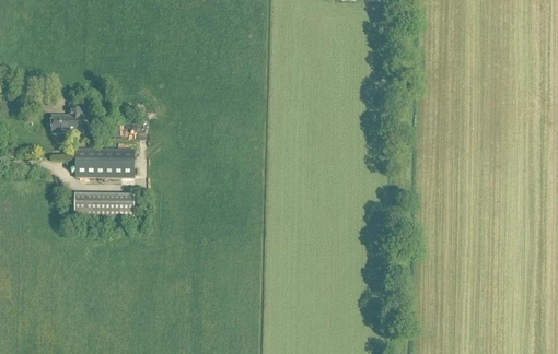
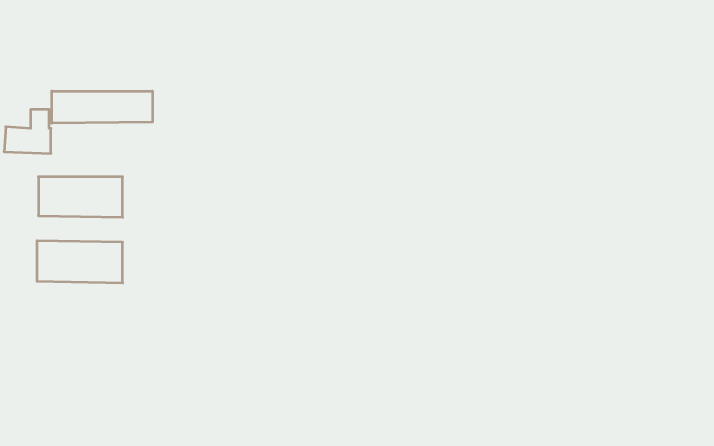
building: none -> [52,91,152,123]

